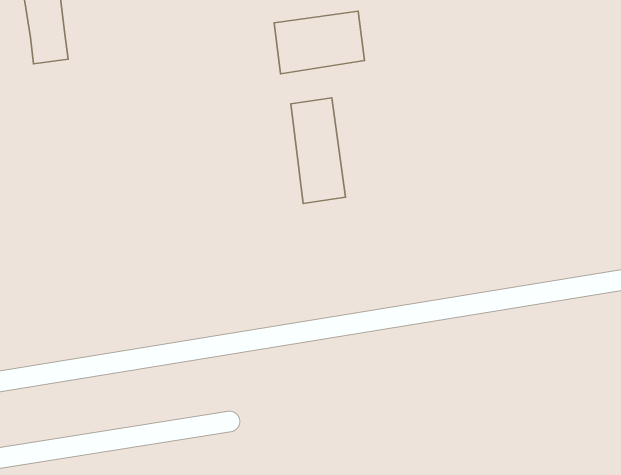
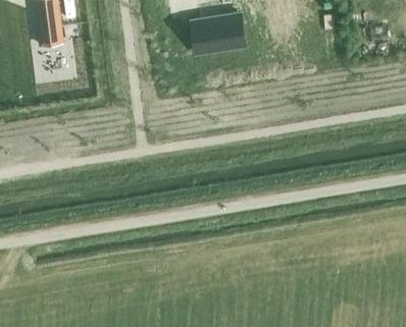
building: [291,98,346,203] -> none

